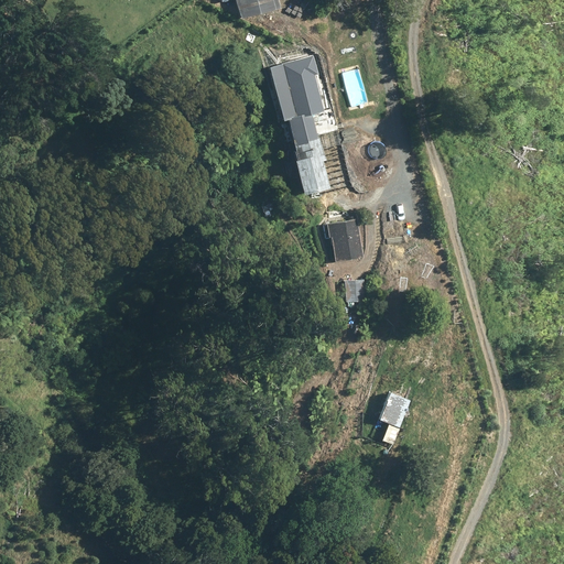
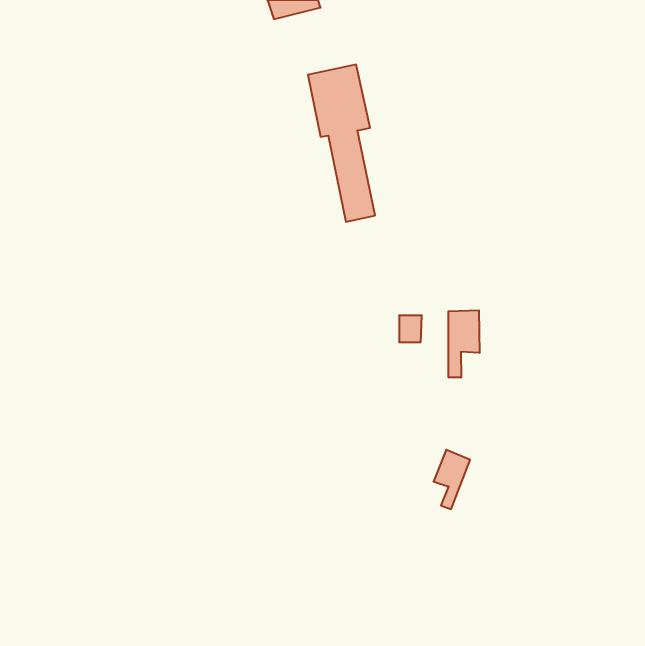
building: [335,215,365,257] -> none
building: none -> [448,310,480,378]

